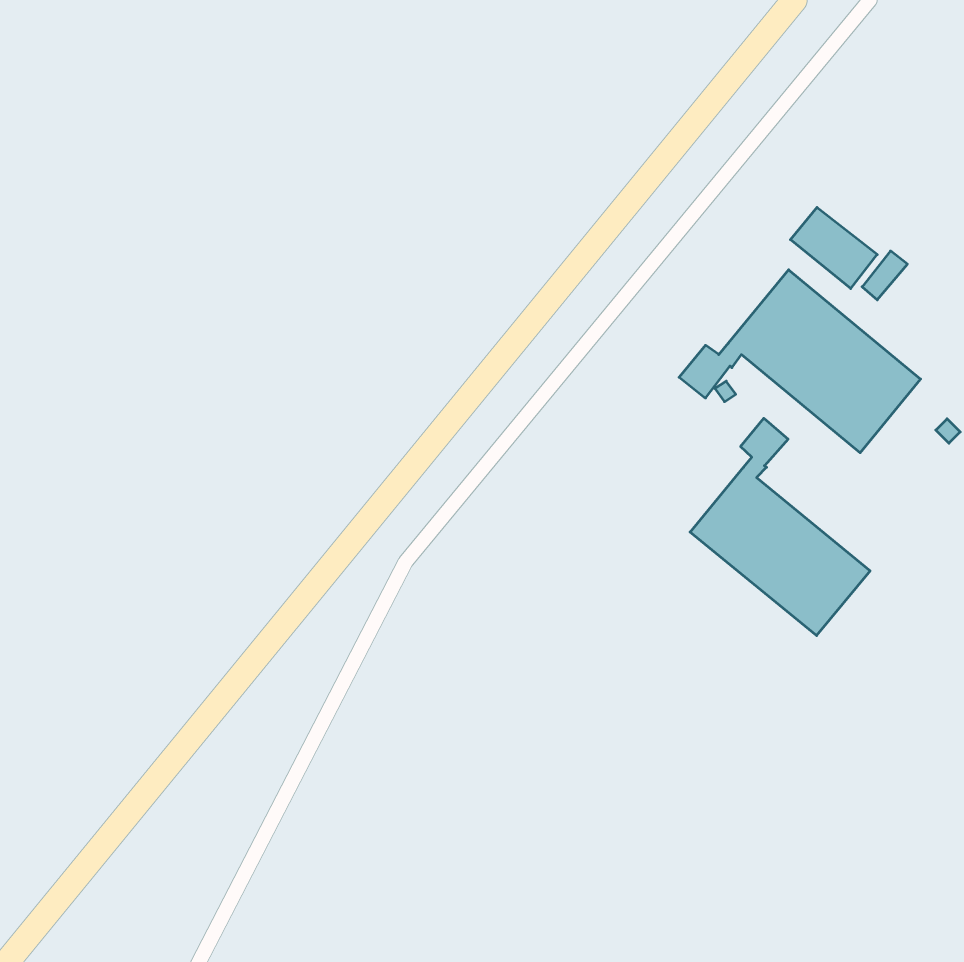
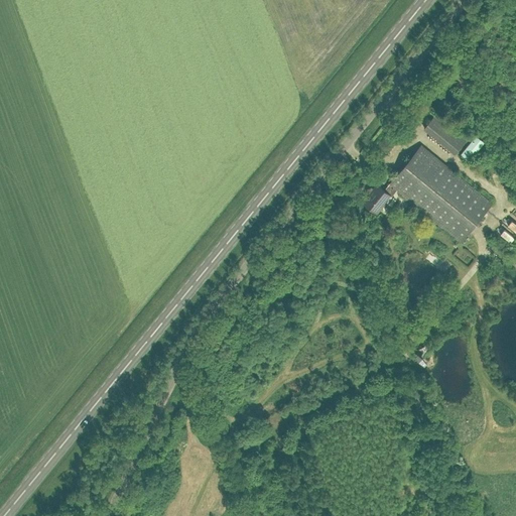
building: [690,418,870,636] -> none

